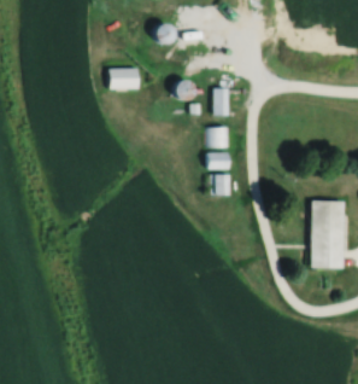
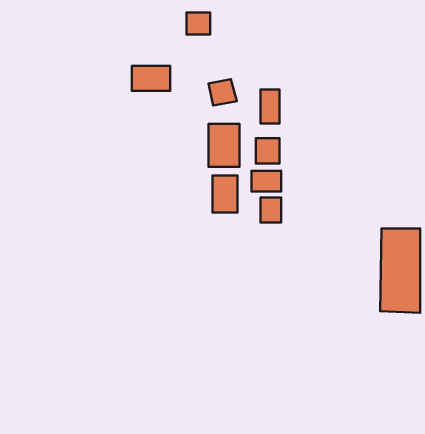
building: none -> [208,124,240,167]
building: none -> [212,176,237,212]

